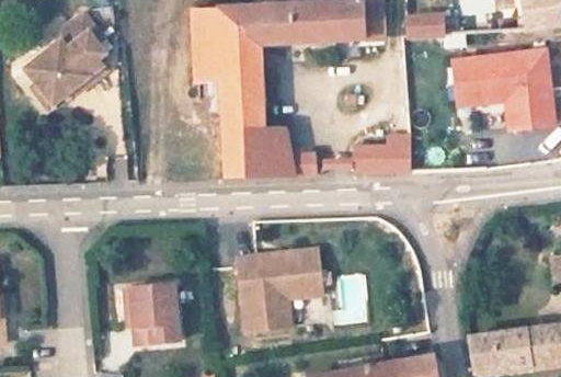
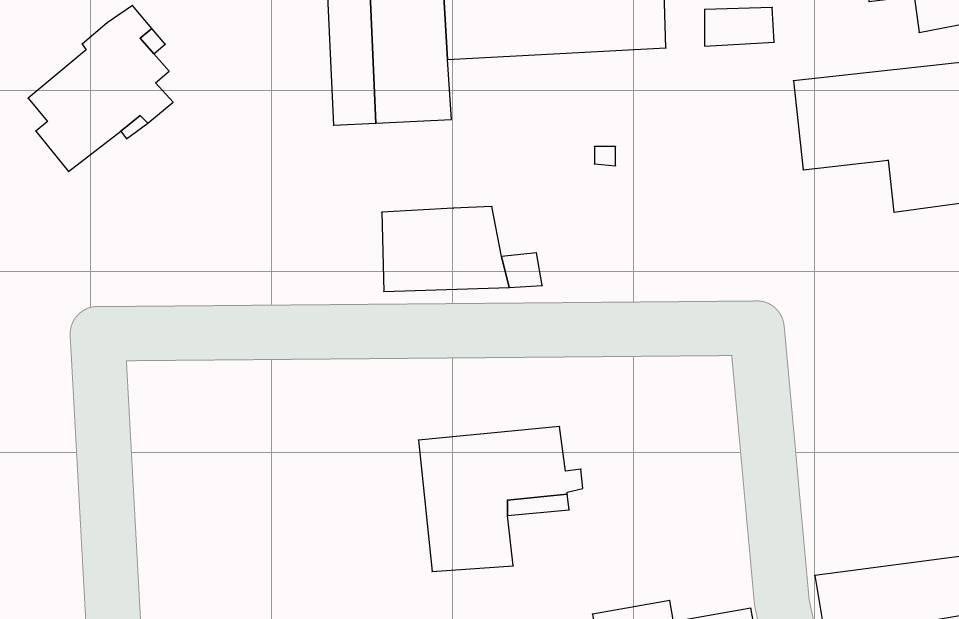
building: [218,78,262,130] -> none
building: [354,146,409,172] -> none
building: [137,288,182,349] -> none

